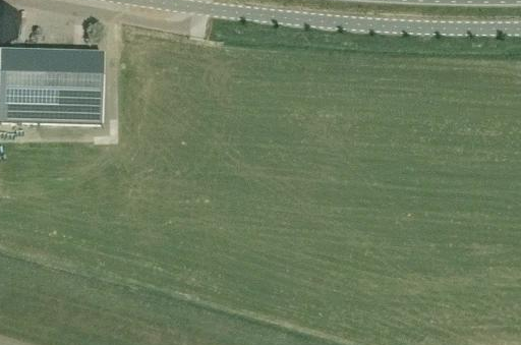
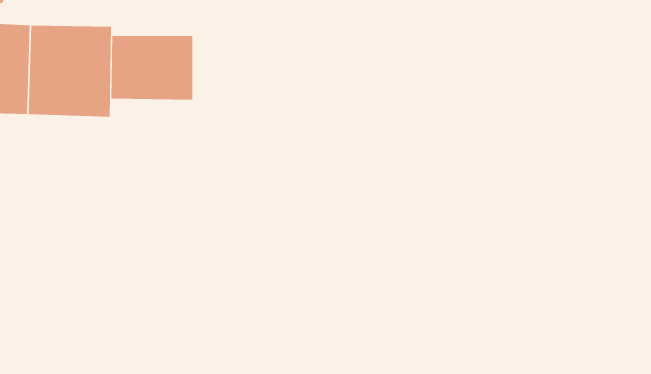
building: none -> [111,35,193,101]

